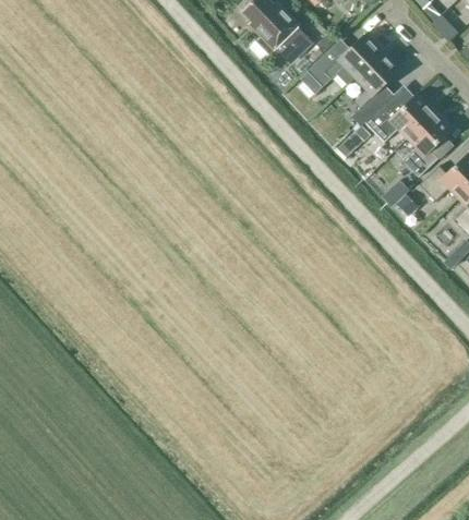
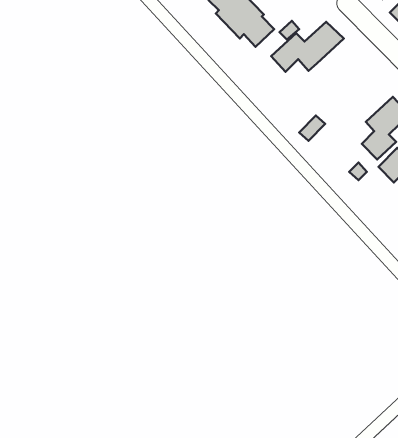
building: [351,50,401,125] -> none
building: [369,93,435,142] -> none

